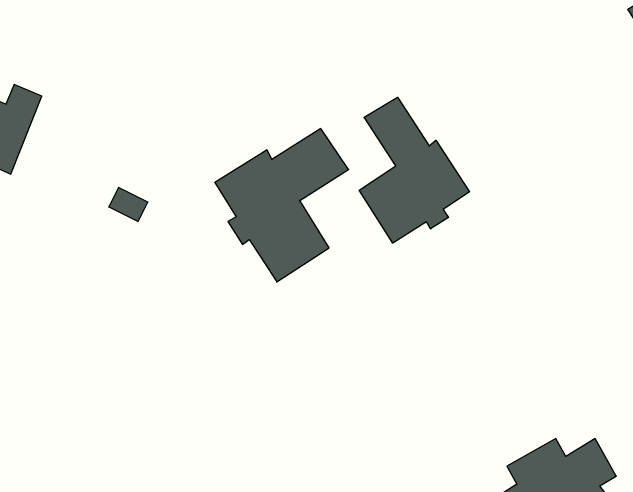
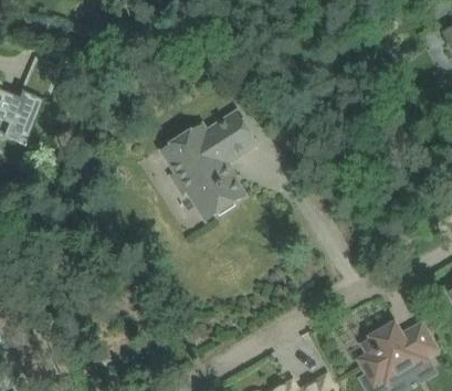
building: [359,97,470,243] -> none

